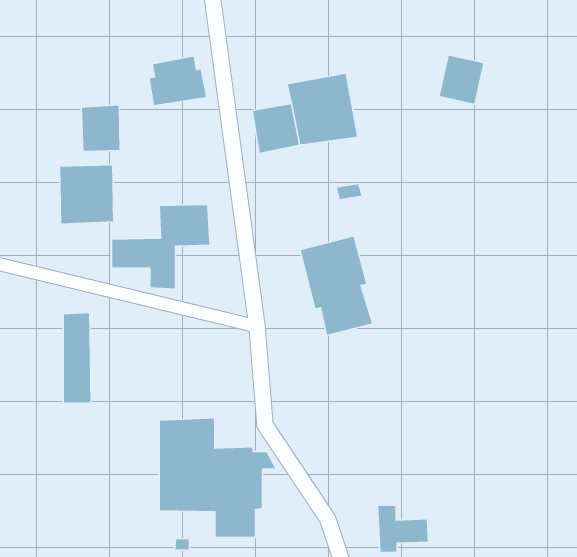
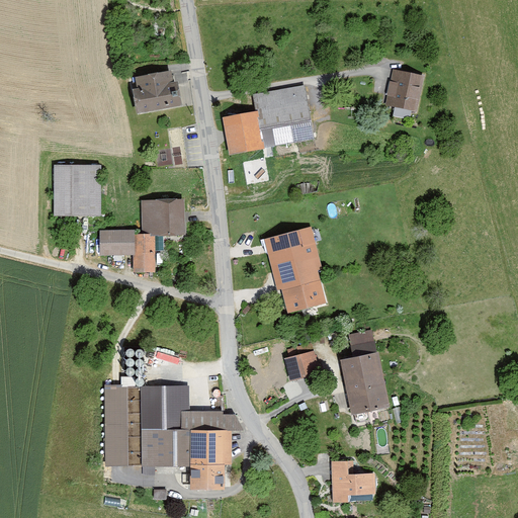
building: [81,105,120,151] -> none
building: [63,313,91,403] -> [103,385,127,464]
building: none -> [339,328,390,414]
building: none -> [283,342,320,379]

